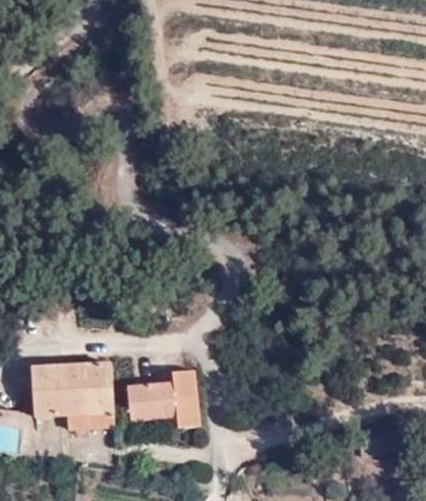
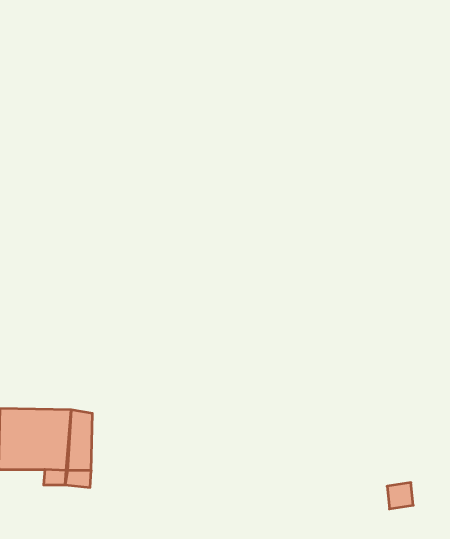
building: [126,379,194,436] -> none

